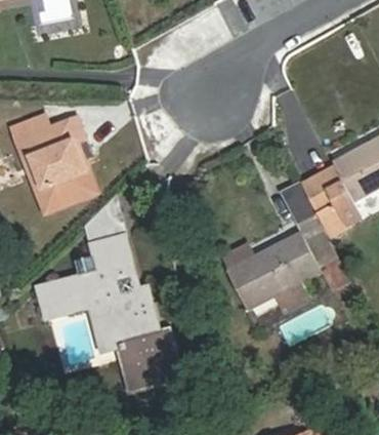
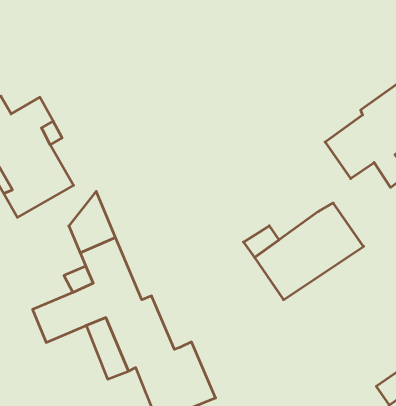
building: [270,193,338,271] -> none

